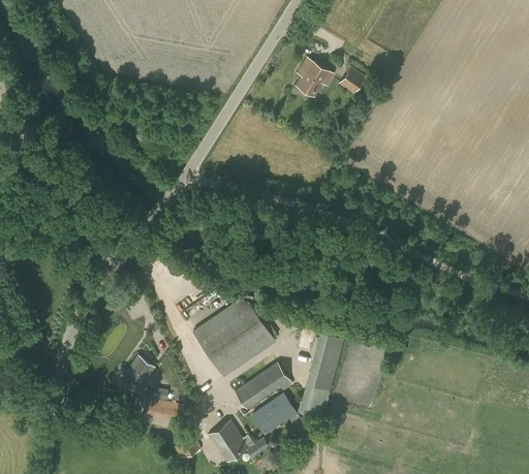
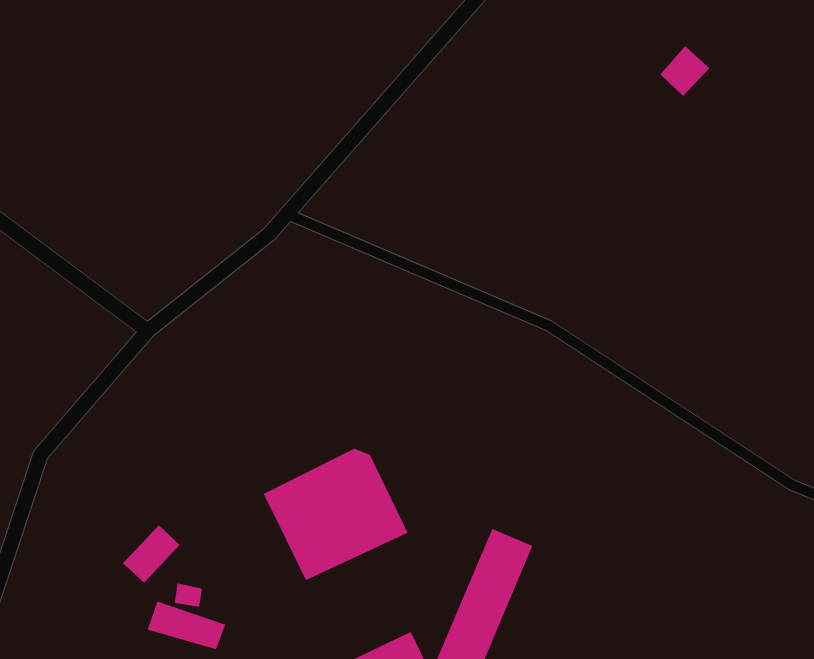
building: [295,59,334,96] -> none
building: [339,66,366,94] -> [660,45,710,97]
building: [235,361,293,410] -> none

